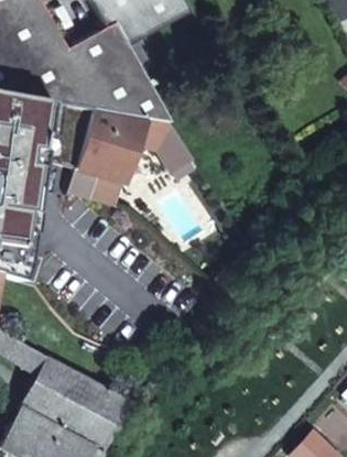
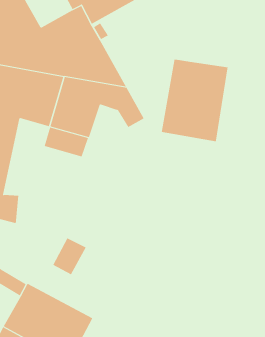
building: none -> [161,59,228,142]
building: none -> [52,238,86,275]

